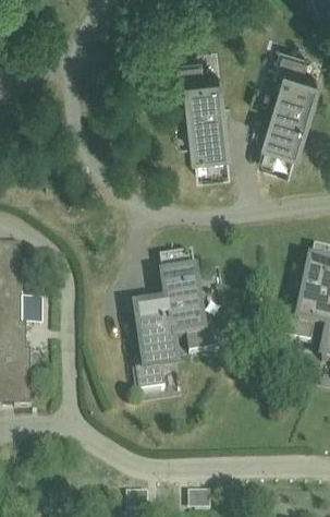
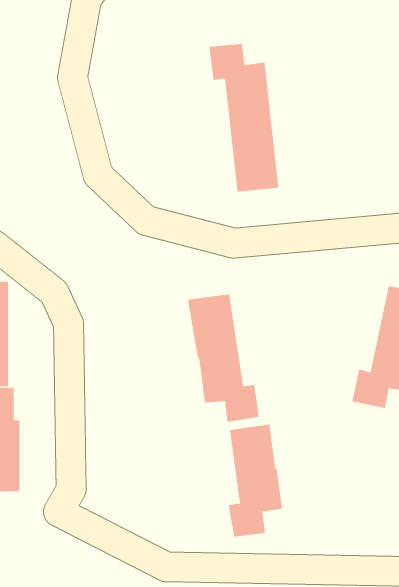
building: [256,51,316,172] -> none
building: [134,305,176,393] -> [228,424,283,537]

